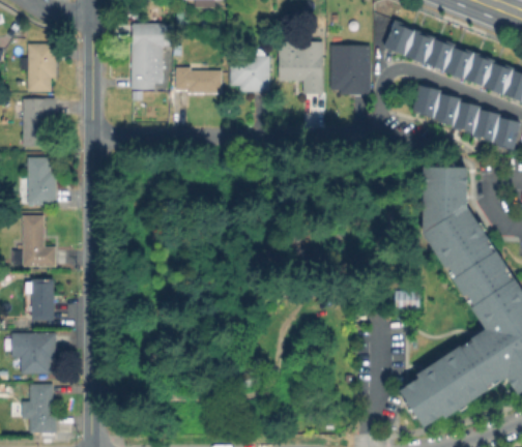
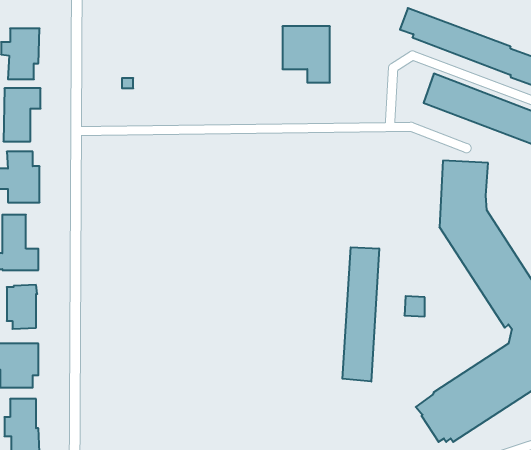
building: [133,23,173,88] -> none
building: [331,46,370,94] -> none
building: [231,48,270,91] -> none
building: [176,67,223,93] -> none
building: none -> [342,247,379,382]

